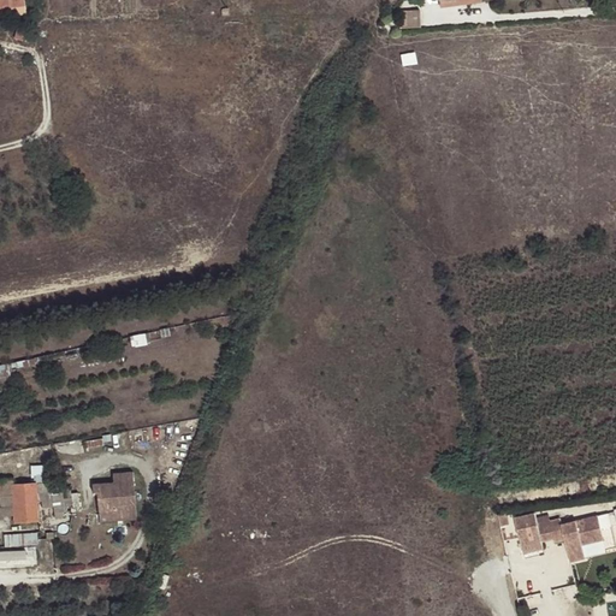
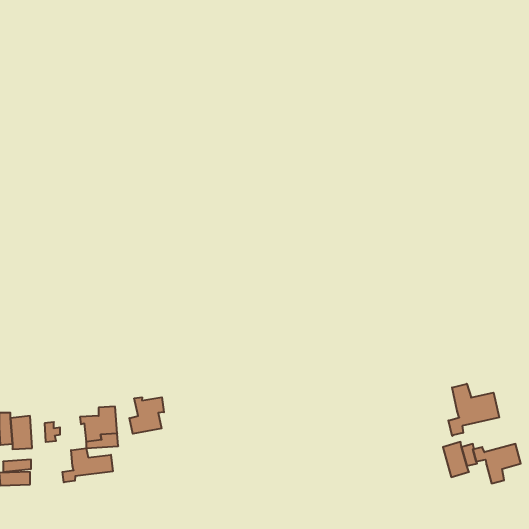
building: none -> [448,384,499,436]
building: none -> [129,397,164,434]
building: none -> [62,448,113,482]

